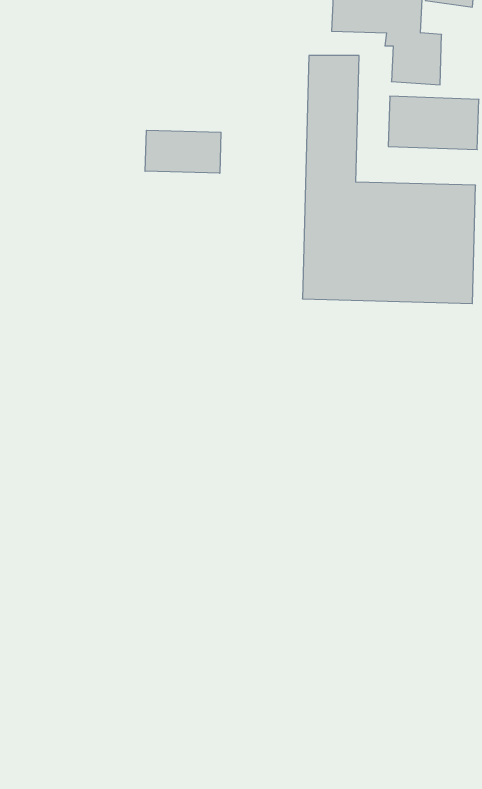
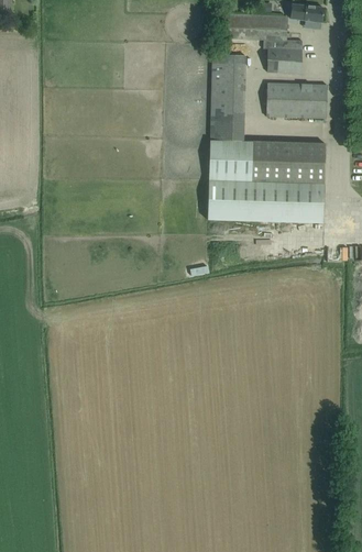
building: [145,130,221,173] -> none

